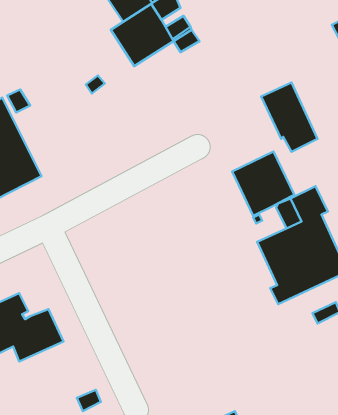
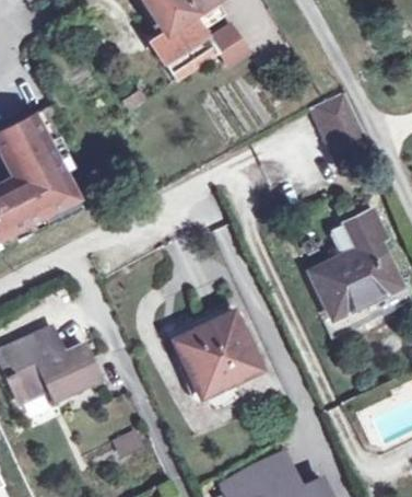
building: [232,152,294,216] -> none
building: none -> [174,302,257,393]

